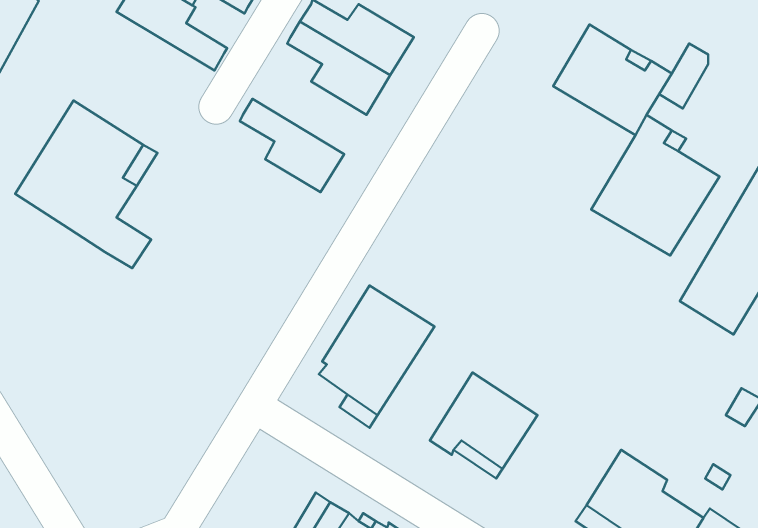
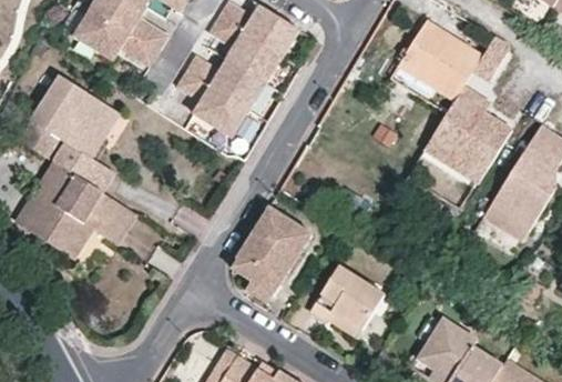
building: none -> [73,11,157,68]
building: none -> [184,57,264,111]
building: none -> [19,163,136,258]

